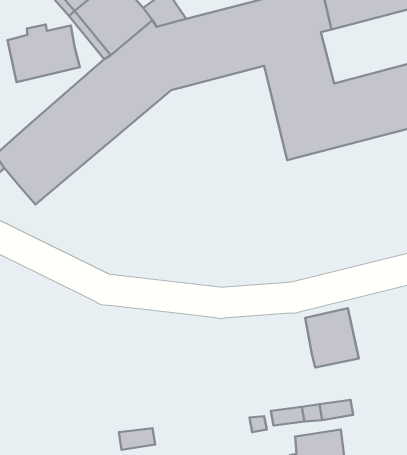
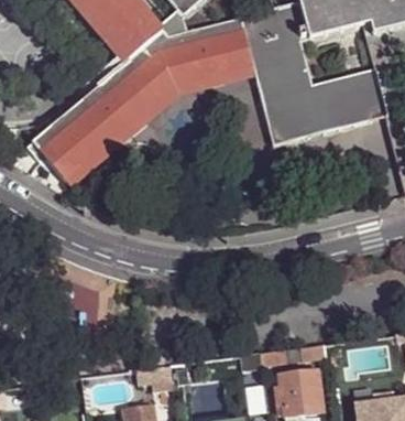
building: [7,25,80,82] -> none
building: [305,308,359,368] -> none

